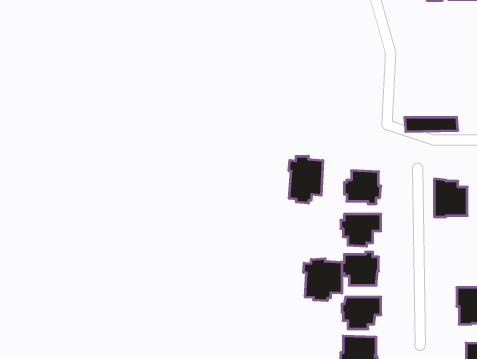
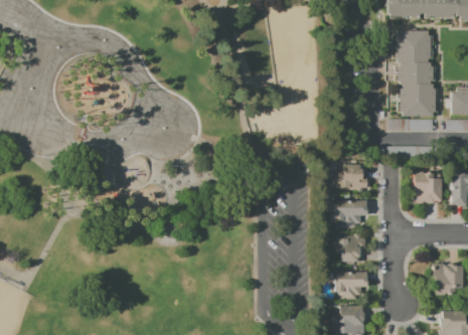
building: none -> [395,29,436,117]
building: [289,156,323,203] -> none
building: [304,259,342,301] -> none

